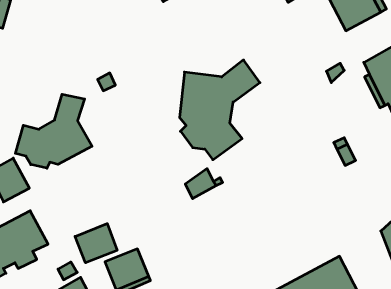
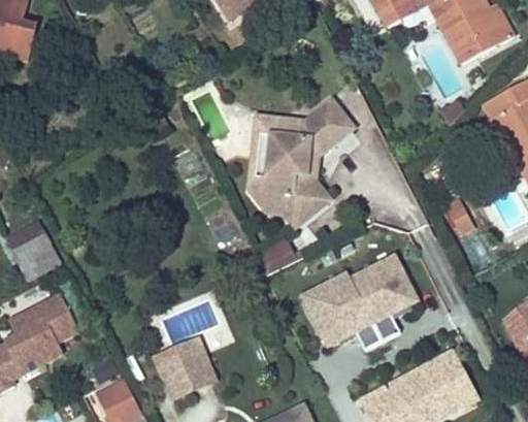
building: [15,94,92,168] -> none
building: none -> [301,252,419,348]
building: [75,224,117,263] -> none

